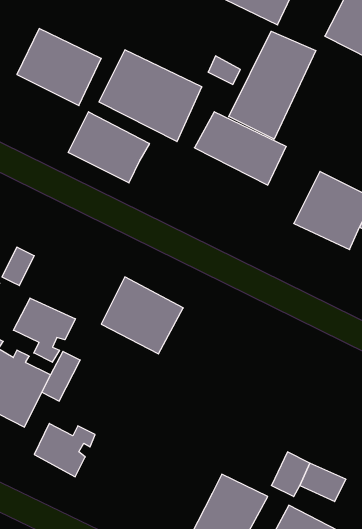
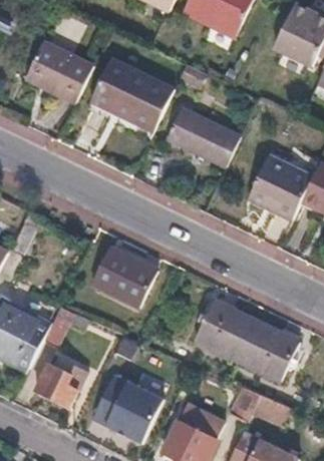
building: [229,31,316,139] -> none
building: [68,112,149,183] -> none
building: [13,298,75,362] -> none
building: none -> [199,302,297,379]
building: none -> [91,372,164,440]

